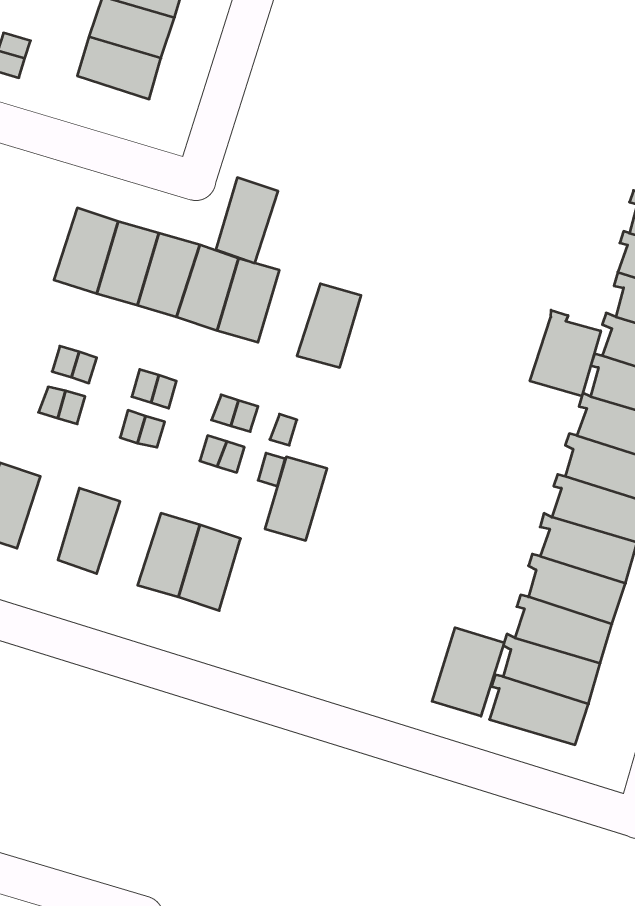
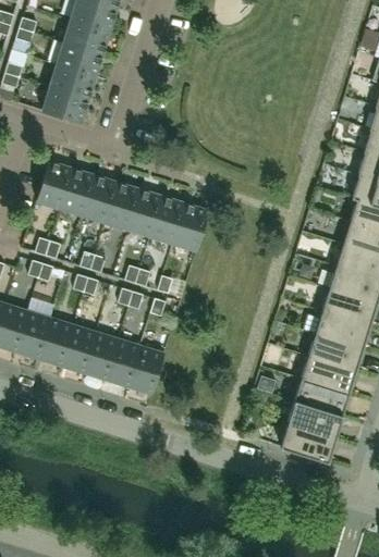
building: none -> [41,87,89,123]
building: [216,178,278,263] -> [150,196,185,244]
building: [530,310,601,396] -> none
building: [265,457,327,540] -> [129,346,163,393]
building: none -> [15,311,50,358]
building: none -> [60,325,96,372]
building: [432,628,504,716] -> none

